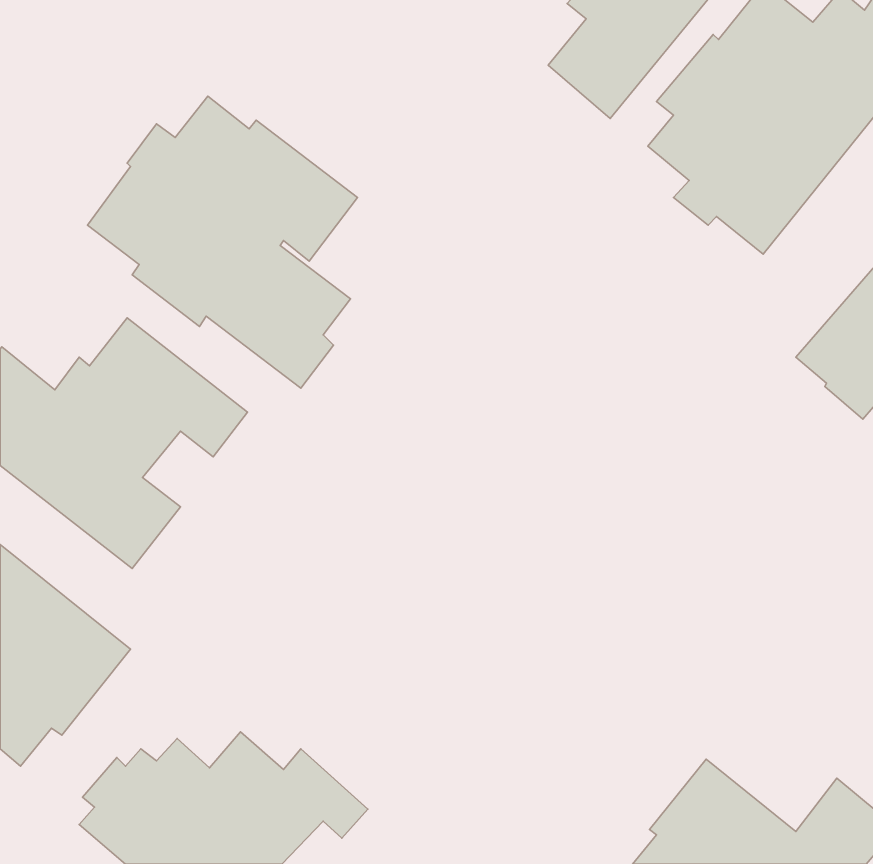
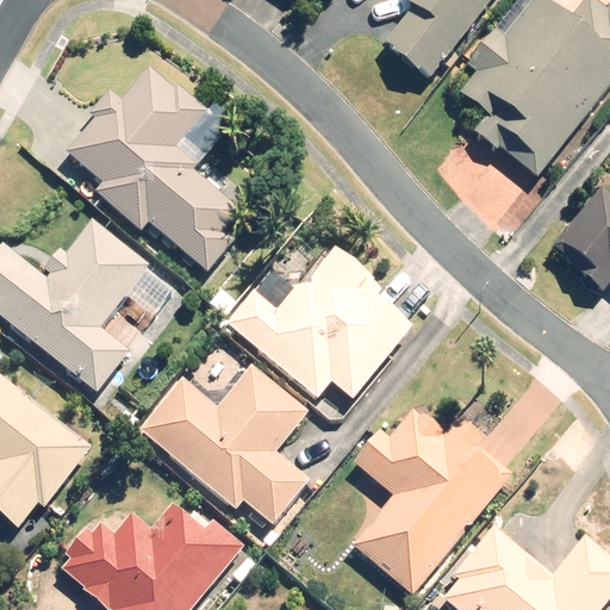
building: none -> [210,234,415,404]
building: none -> [138,365,312,528]
building: none -> [354,411,509,591]

